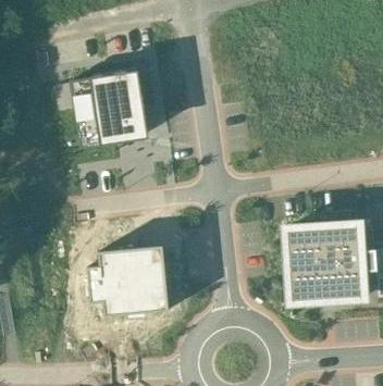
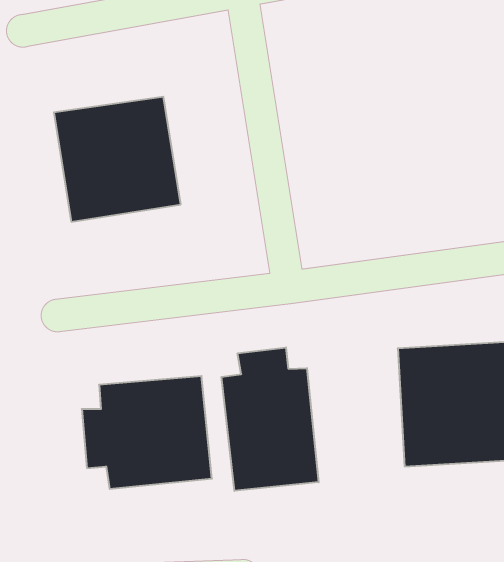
building: none -> [221,347,319,491]

